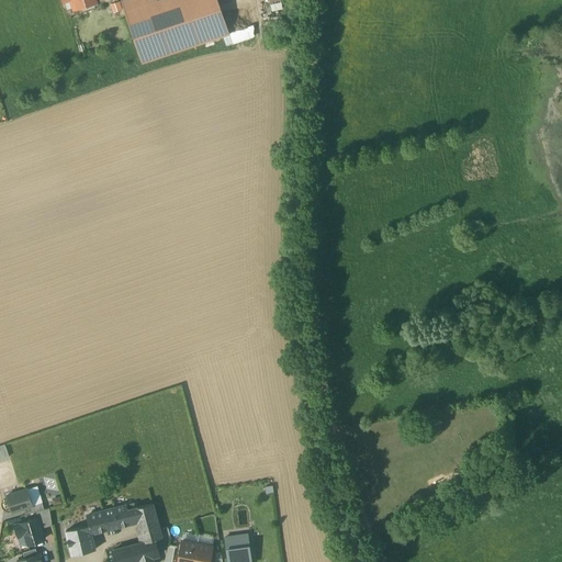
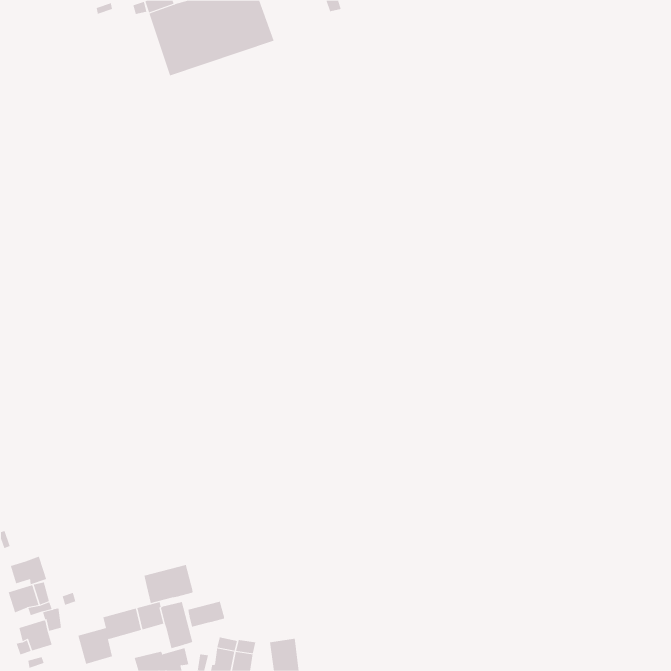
building: none -> [10,556,47,585]
building: none -> [144,564,193,604]
building: none -> [188,601,225,628]

